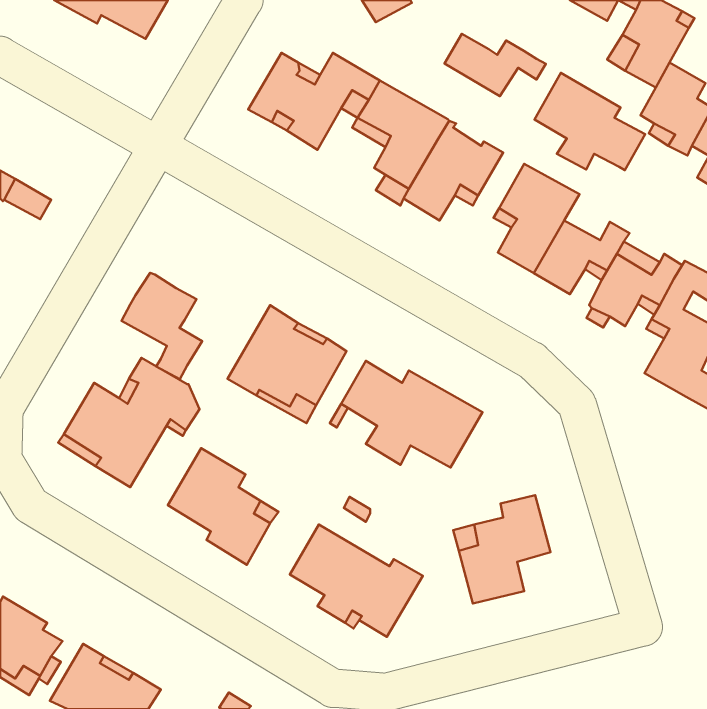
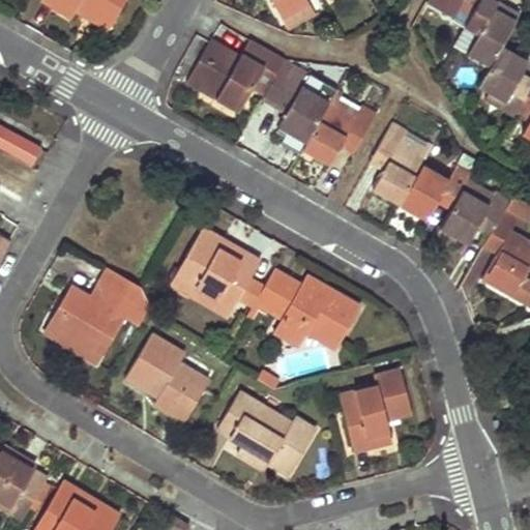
building: [444,34,546,96] -> none
building: [534,73,645,170] -> none
building: [121,273,202,379] -> none

